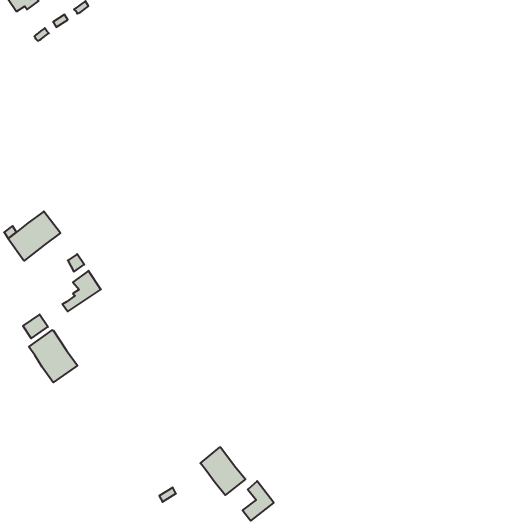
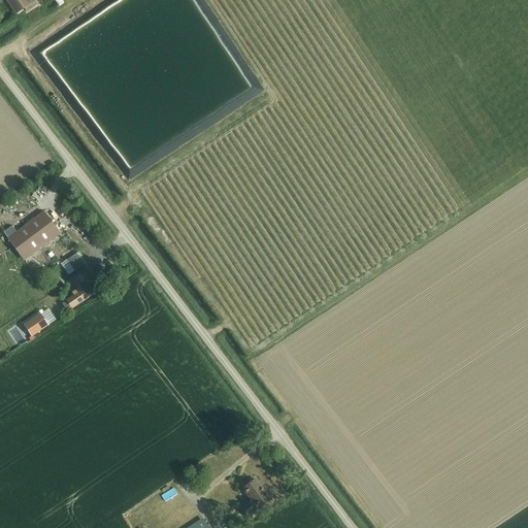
building: [29,330,77,382] -> none
building: [200,447,245,495] -> none

